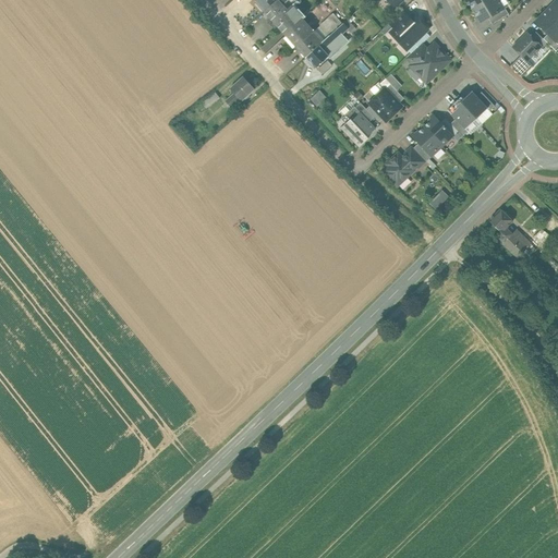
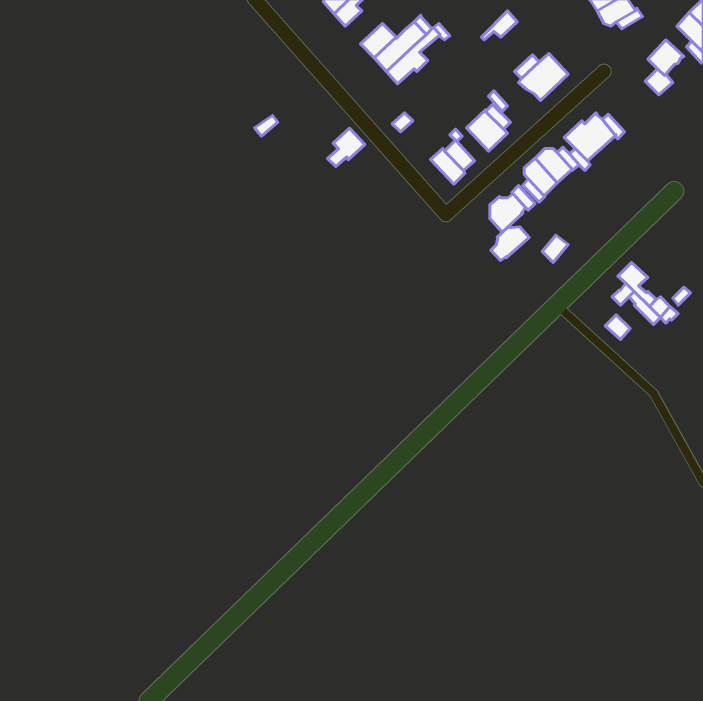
building: [274,4,303,35] -> none
building: [392,14,427,49] -> none
building: [226,75,255,106] -> [328,128,365,167]
building: none -> [491,227,529,261]

